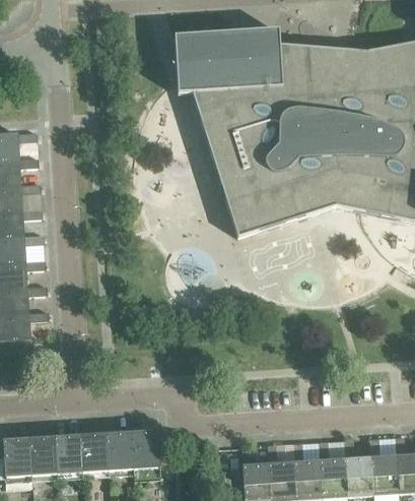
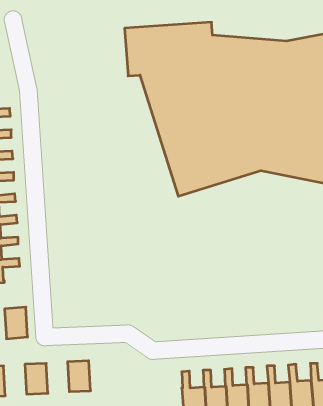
building: [130,428,174,469] -> none
building: [79,432,107,469] -> none
building: [28,435,56,473] -> [5,307,28,339]

